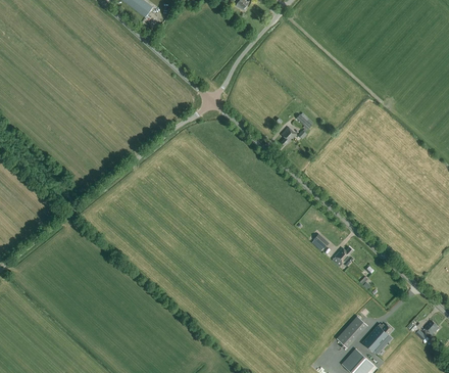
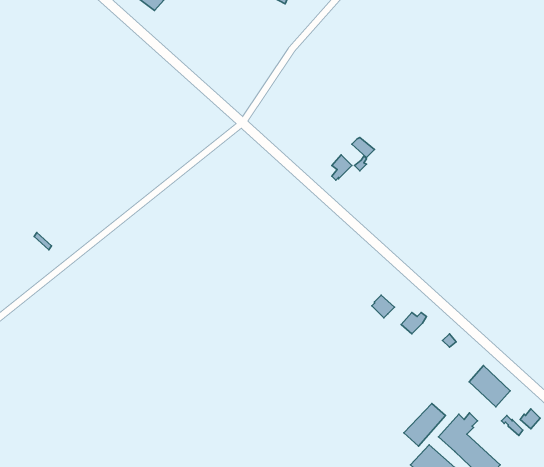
building: none -> [469,366,510,407]

